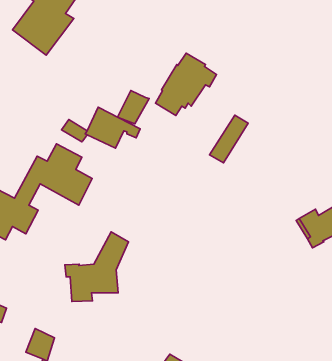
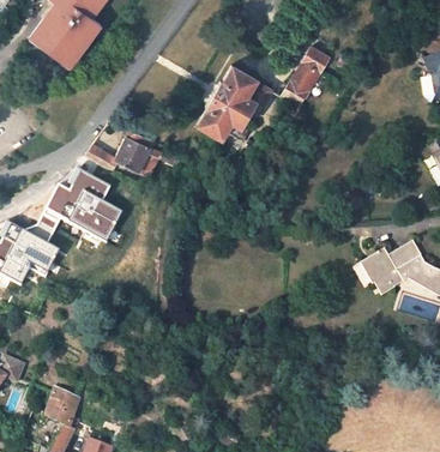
building: [118,91,149,124] -> none
building: [209,115,248,163] -> [283,46,329,102]
building: [65,232,129,302] -> none

